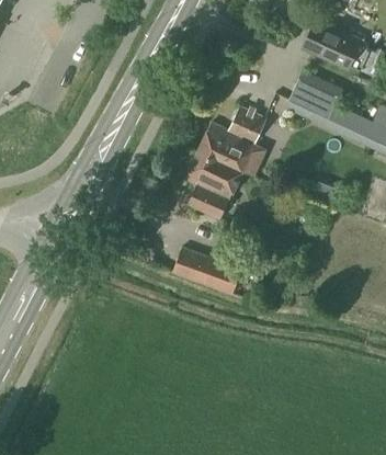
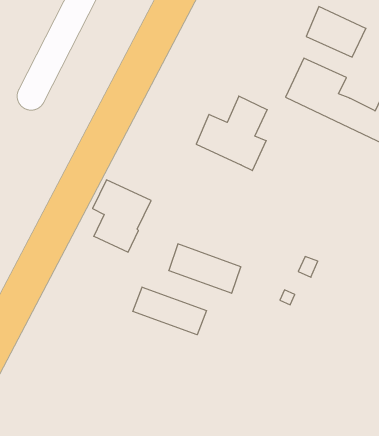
building: [185,152,241,221] -> [93,180,151,252]
building: none -> [133,287,207,335]

